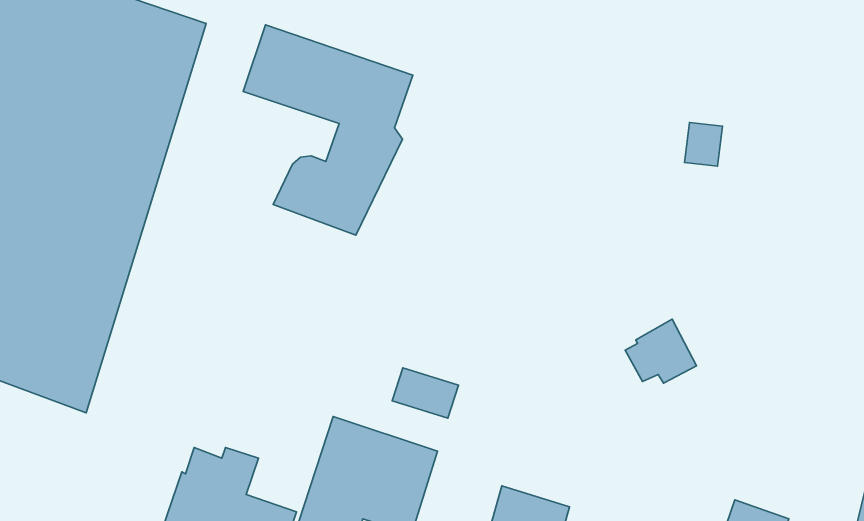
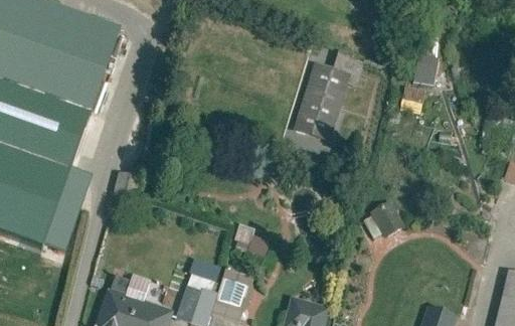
building: [243,25,413,235] -> none
building: none -> [414,53,439,84]
building: none -> [287,60,353,160]

